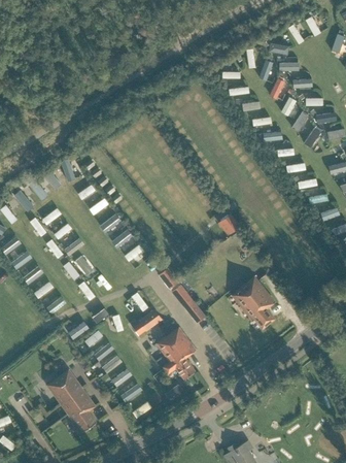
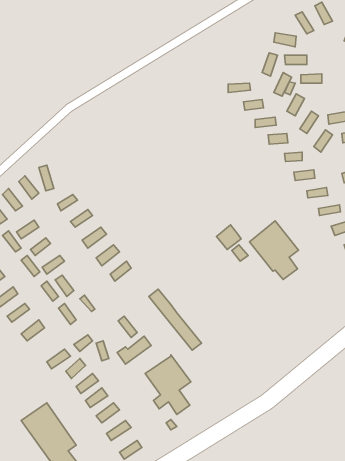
building: [231,278,274,330] -> [249,221,299,279]

